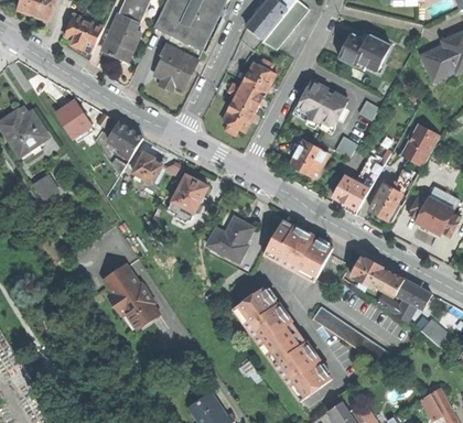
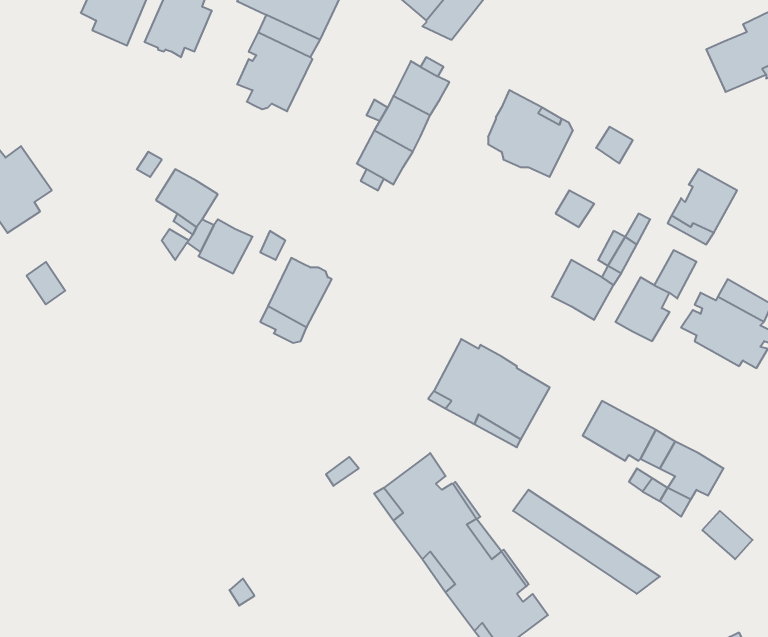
building: [338,34,389,72] -> none
building: [52,97,90,139] -> none
building: [288,138,329,176] -> none
building: [206,219,252,262] -> none
building: [101,264,159,329] -> none

